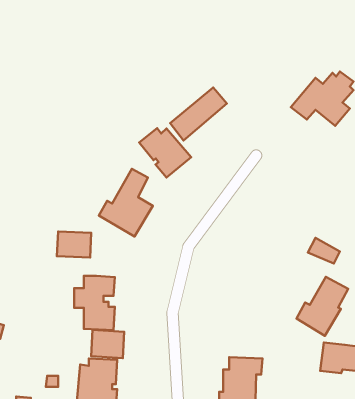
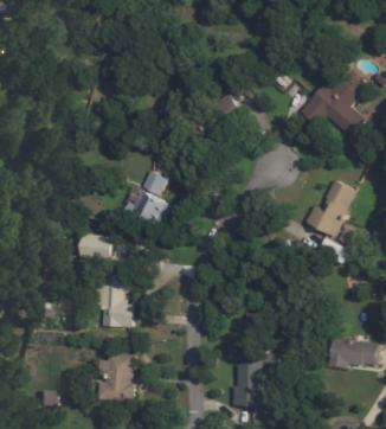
building: [139,128,191,178] -> none
building: [296,277,348,336] -> [310,179,360,236]
building: [91,330,124,358] -> none

